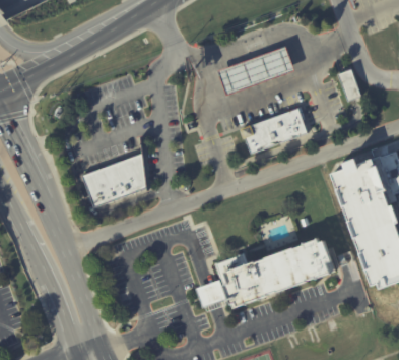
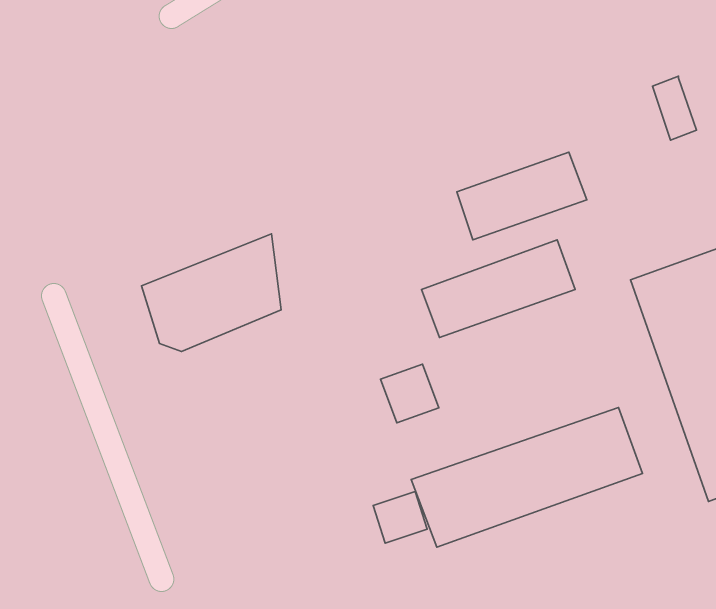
building: [221,43,300,93] -> [421,240,575,338]
building: none -> [380,364,439,423]

